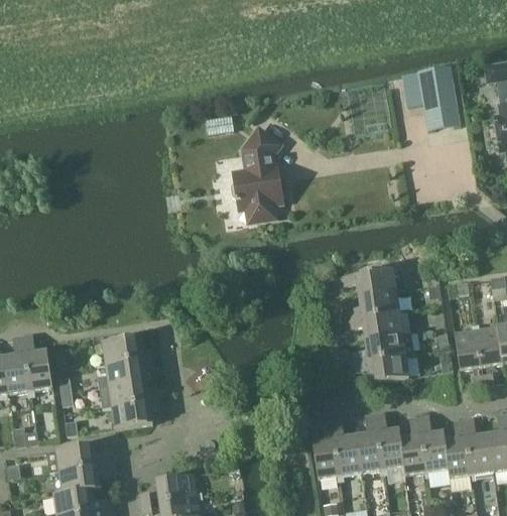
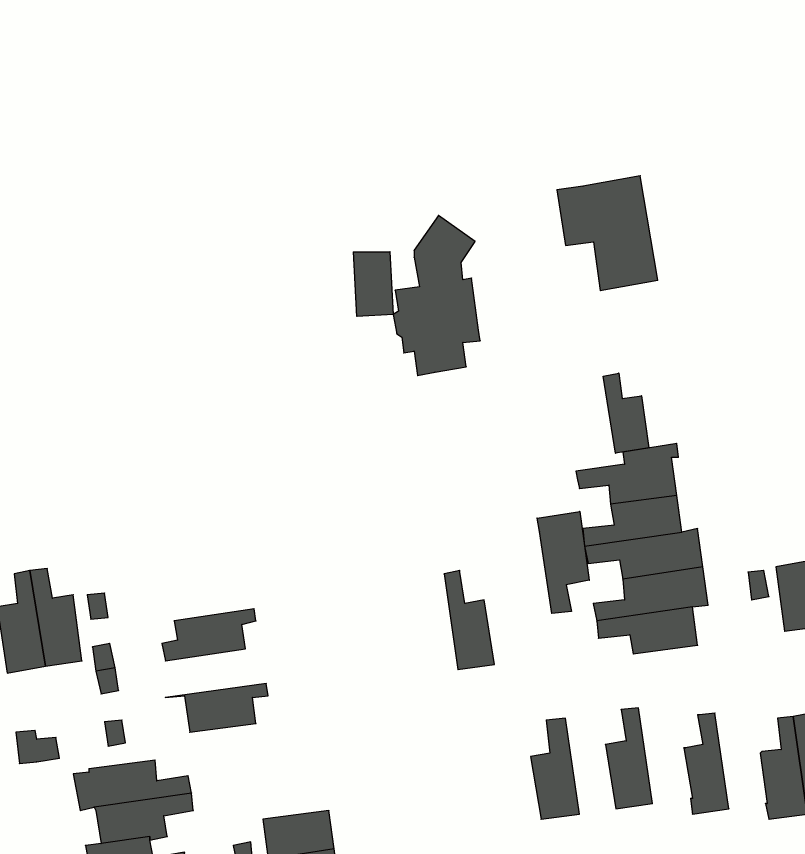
building: [402,64,461,131] -> [557,176,658,291]
building: none -> [353,252,393,316]
building: none -> [603,373,649,453]
building: none -> [537,511,589,613]
building: [102,336,151,363] -> none
building: [97,379,158,407] -> none
building: [374,411,405,469] -> none
building: [418,414,449,472] -> none
building: [332,417,361,475] -> [444,570,494,670]

